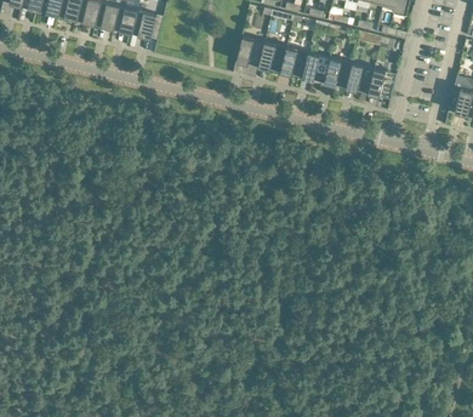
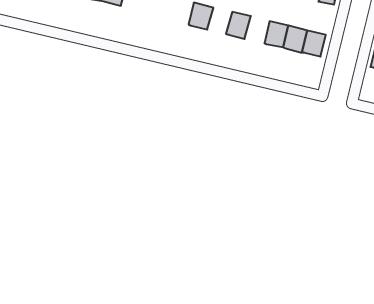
building: [257,41,286,72] -> none
building: [301,51,330,82] -> none

